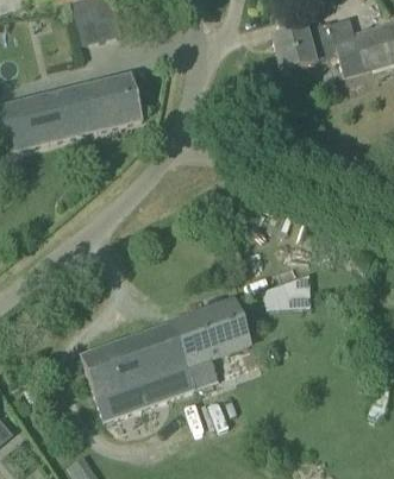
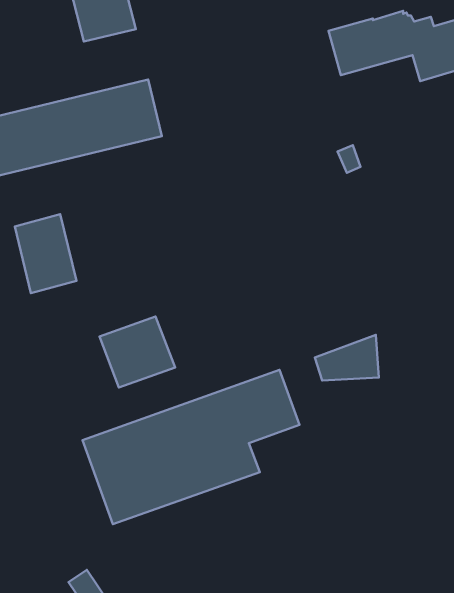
building: none -> [15,214,76,293]
building: none -> [100,317,175,387]

